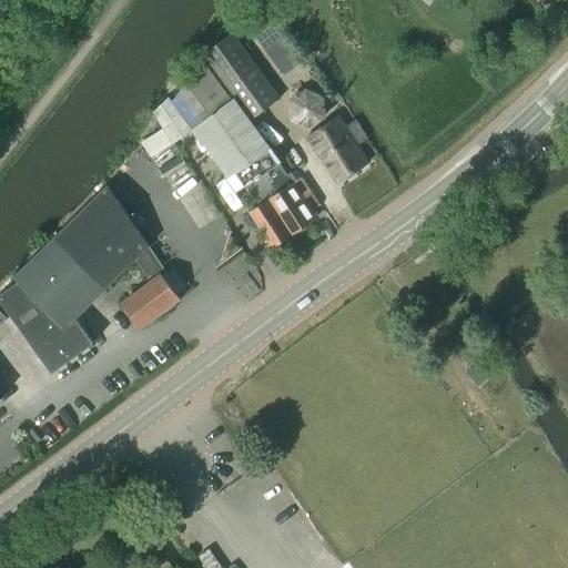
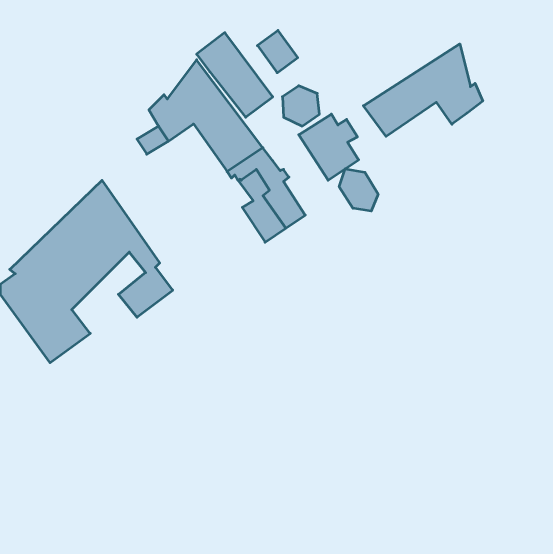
building: none -> [363,44,483,136]
building: none -> [339,169,378,211]

